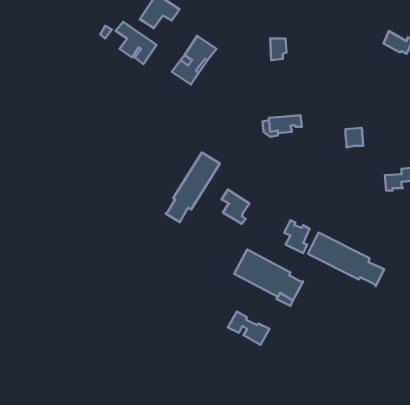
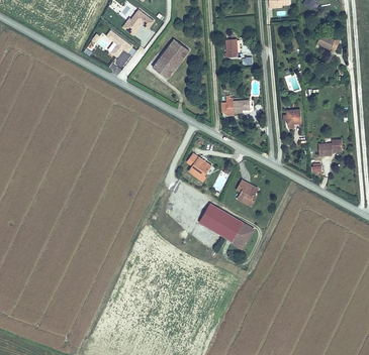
building: [166,152,220,222] -> none
building: [308,233,384,286] -> none
building: [228,311,270,345] -> none

